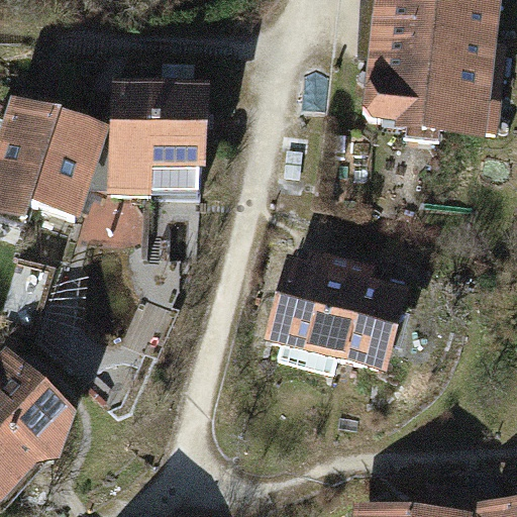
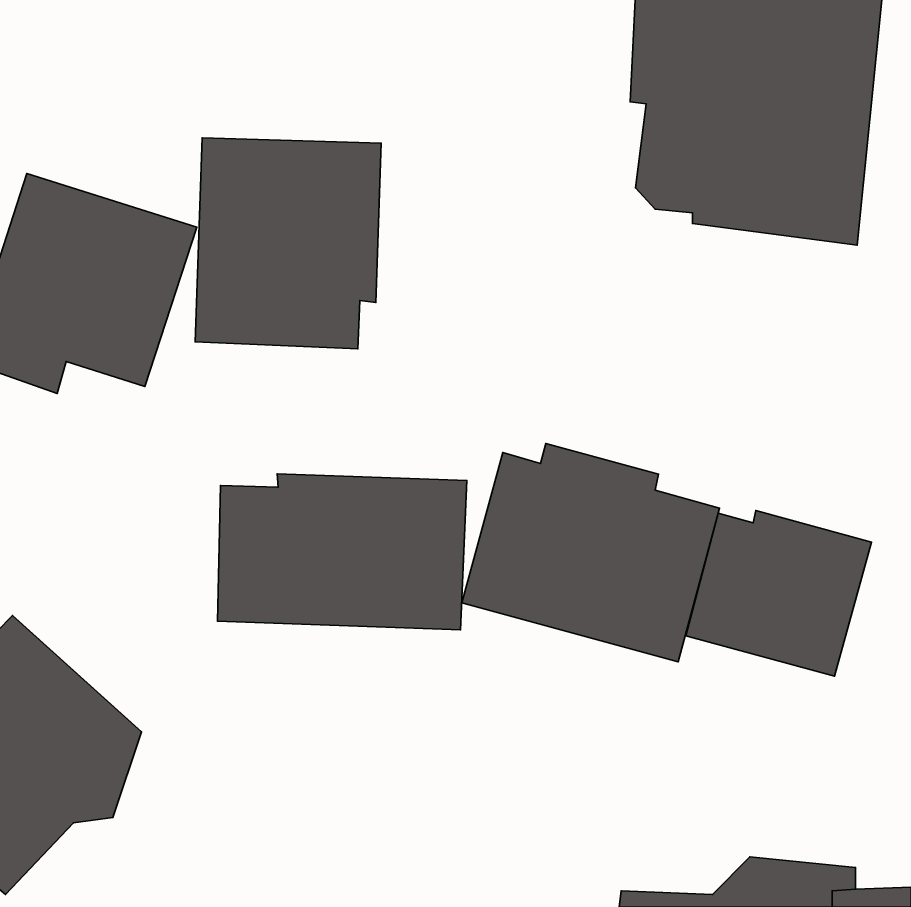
building: none -> [218,474,467,630]
building: none -> [686,511,872,676]

